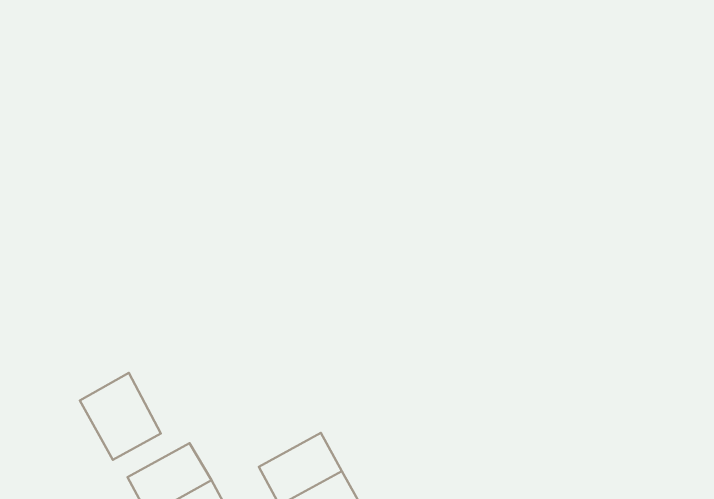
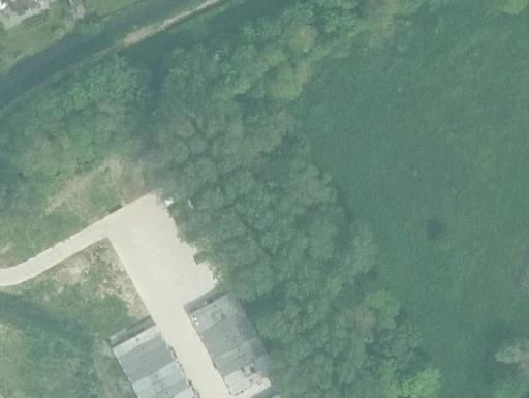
building: [80,373,161,460] -> none
building: none -> [188,290,247,341]

